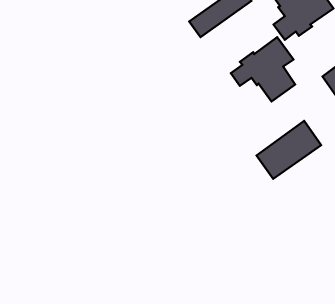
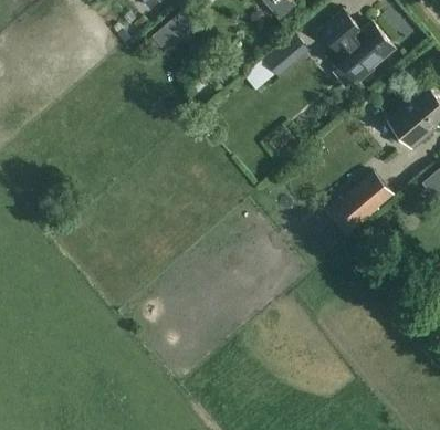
building: [231,37,295,102] -> none

